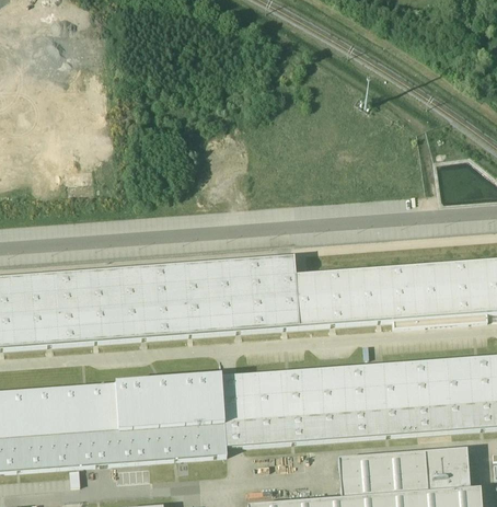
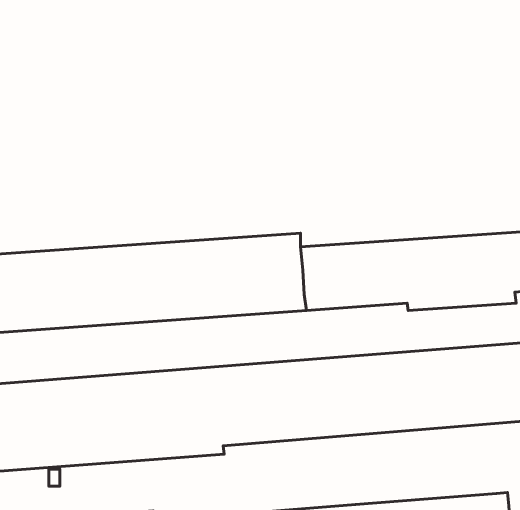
building: [337,447,470,498] -> none

